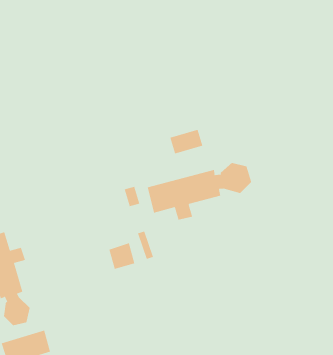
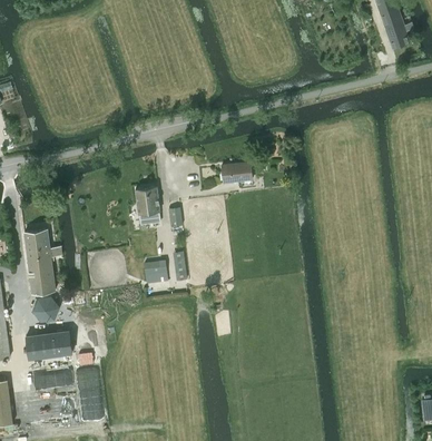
building: [147,162,252,220] -> none
building: none -> [135,186,160,225]

